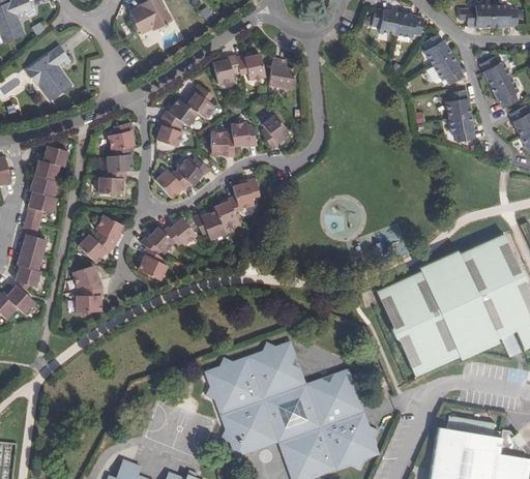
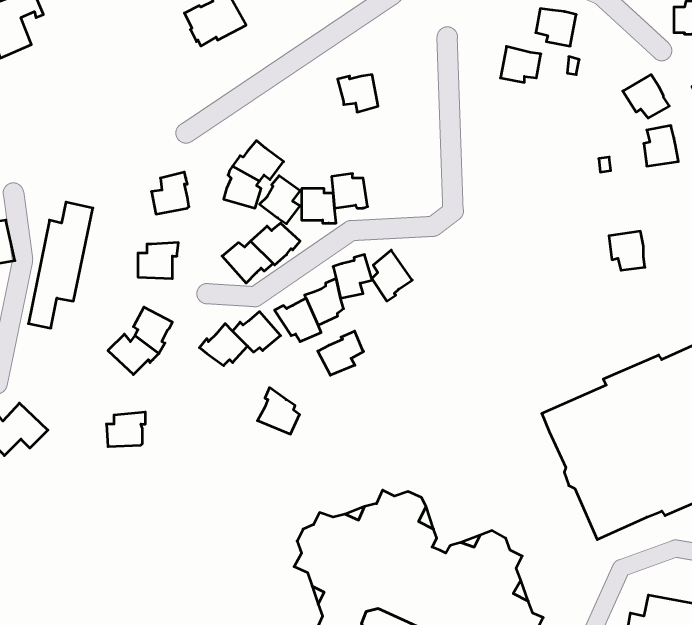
building: [396,13,424,38] -> [500,46,541,82]
building: [424,34,452,66] -> none
building: [27,47,72,101] -> none
building: [213,55,240,85] -> none
building: [268,60,295,89] -> none
building: [186,86,214,119] -> [260,176,300,224]
building: [261,115,289,150] -> [372,250,412,301]
building: [449,115,474,142] -> [609,231,645,270]
building: [107,147,134,172] -> none
building: [13,231,48,285] -> none
building: none -> [318,331,364,375]
building: [138,247,167,279] -> [257,388,300,434]
building: [72,266,104,290] -> none

